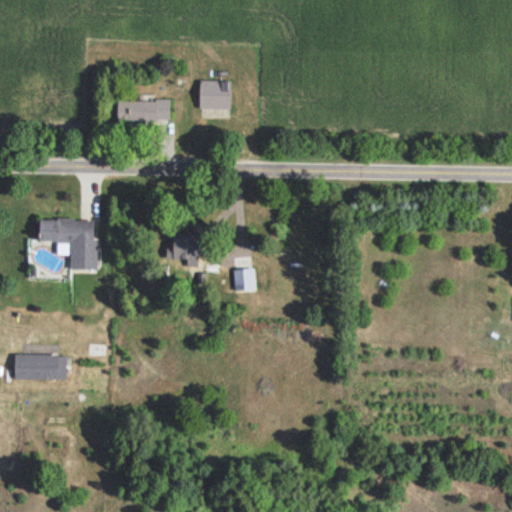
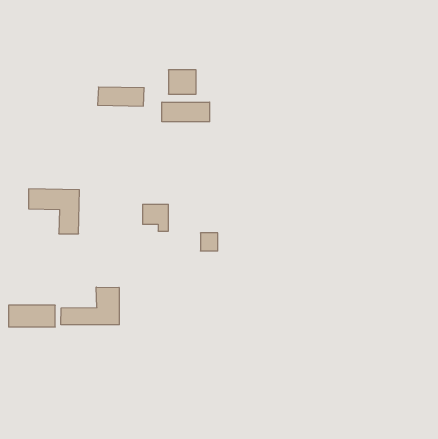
building: none -> [162,102,210,122]
building: none -> [61,287,119,325]

